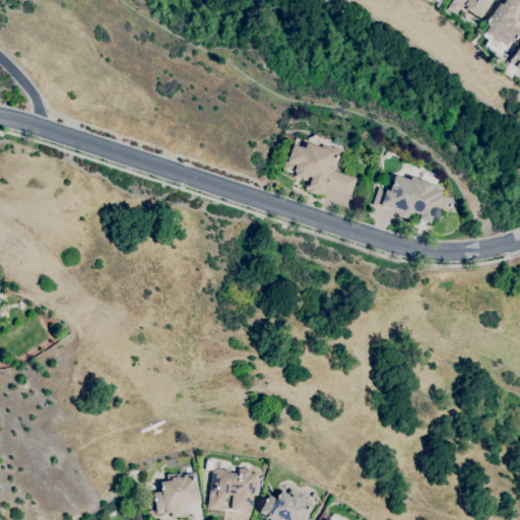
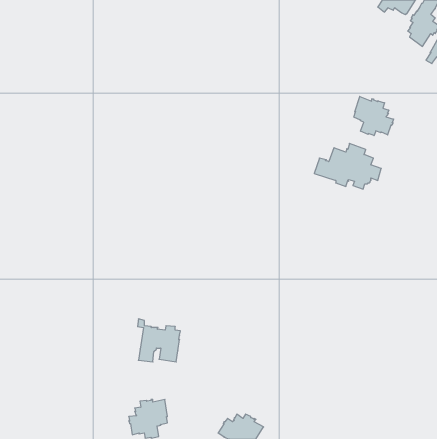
building: none -> [354,96,394,136]
building: [283,142,358,195] -> none
building: [207,460,258,511] -> [138,319,180,362]

